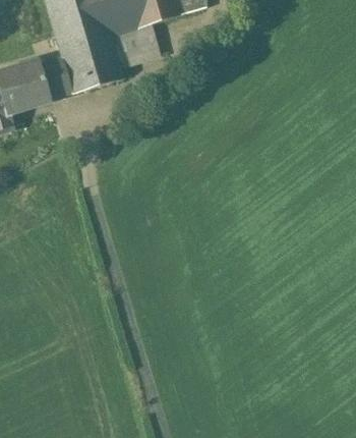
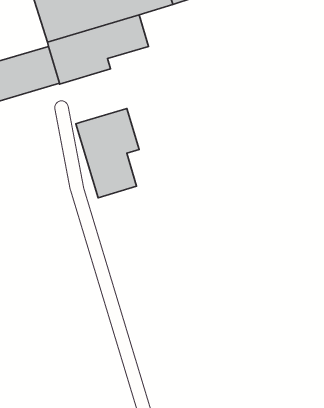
building: none -> [76,108,139,198]

